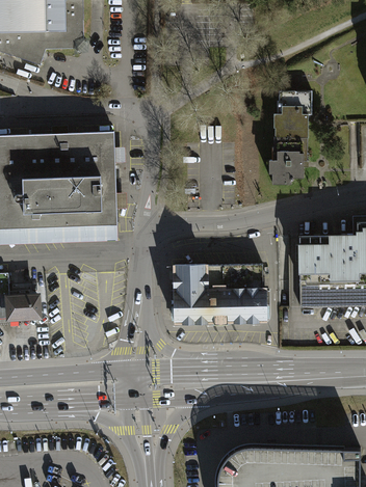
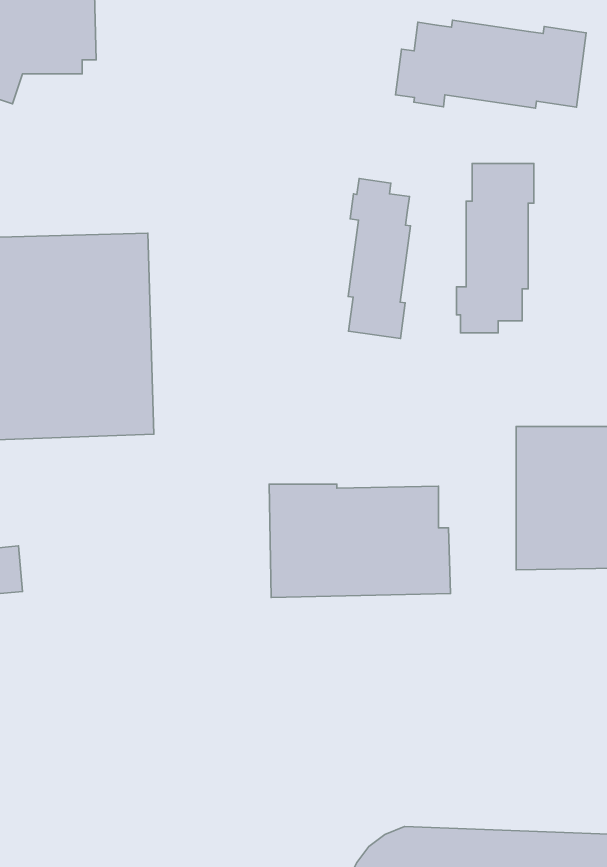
building: none -> [396,20,586,108]
building: none -> [348,178,411,339]

